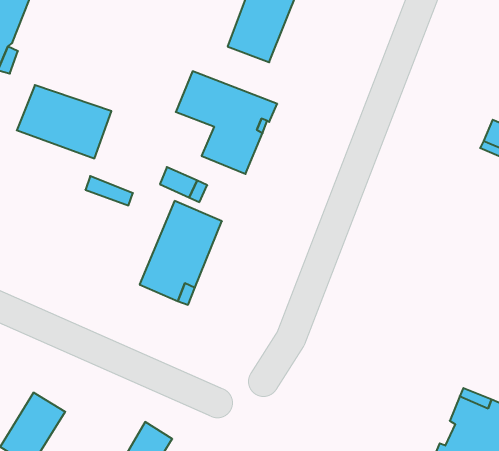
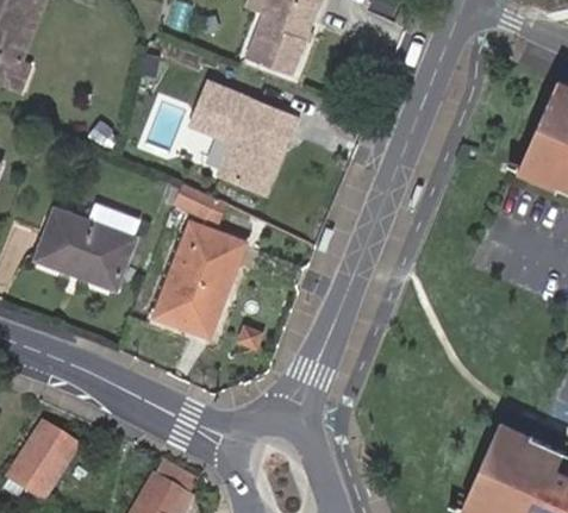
building: [17,85,111,158] -> [32,212,132,289]

